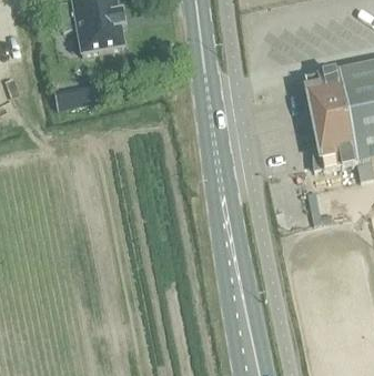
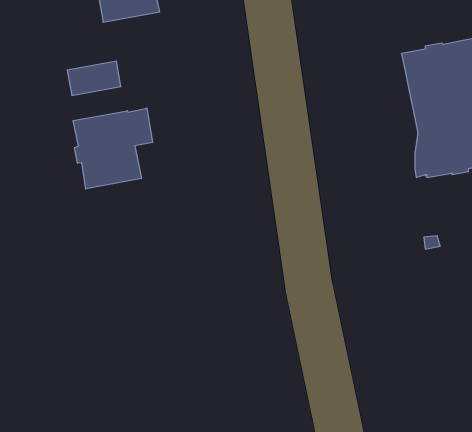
building: none -> [73,108,152,189]

